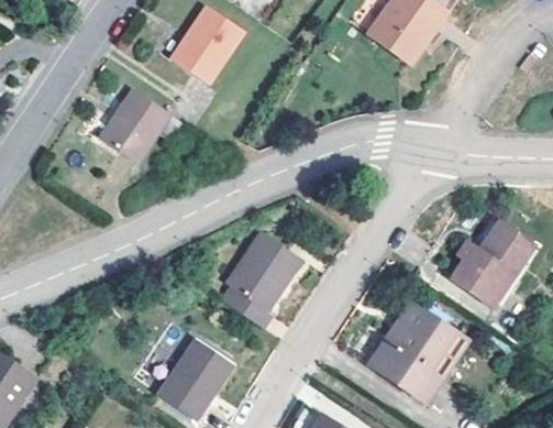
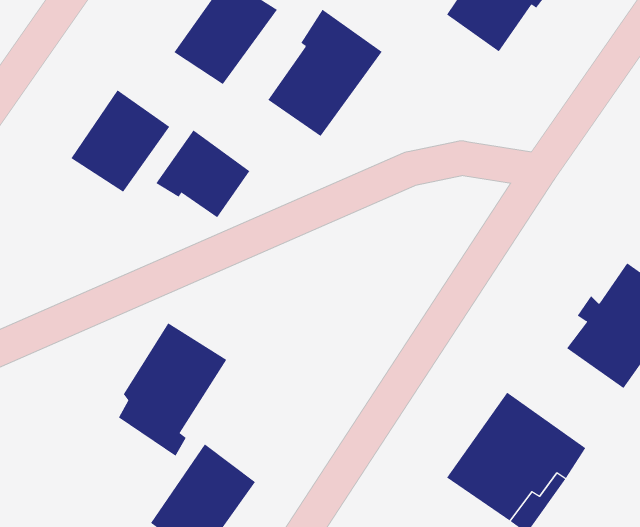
building: none -> [267,9,382,137]
building: none -> [155,130,250,218]
building: [222,234,299,329] -> [118,322,227,456]

